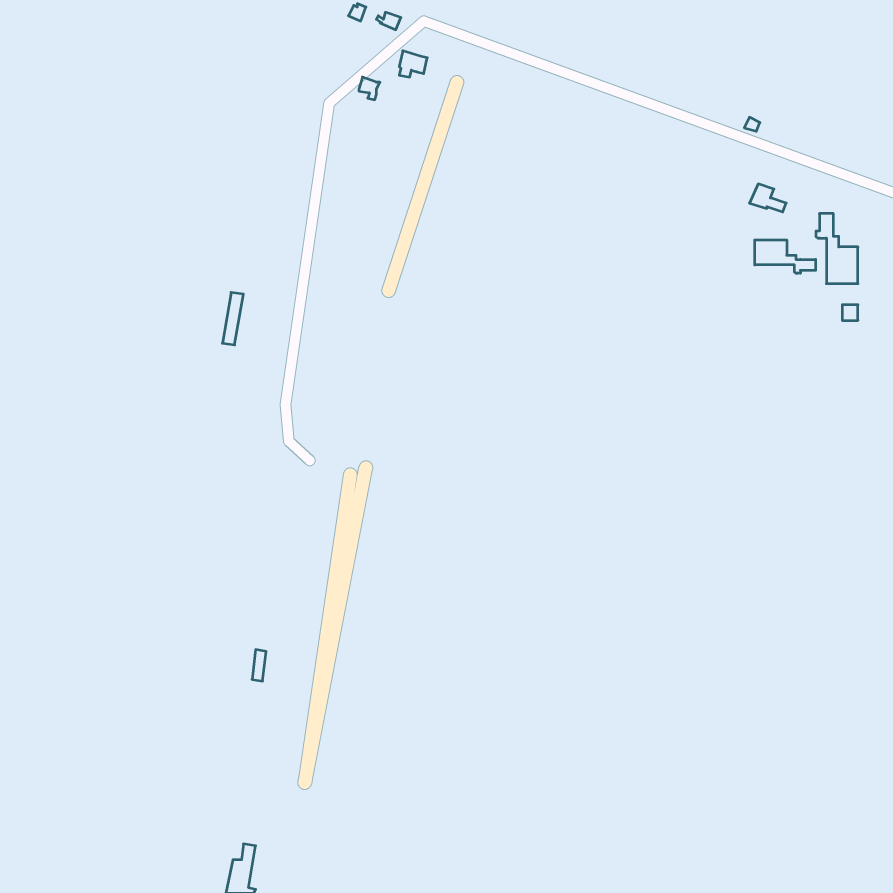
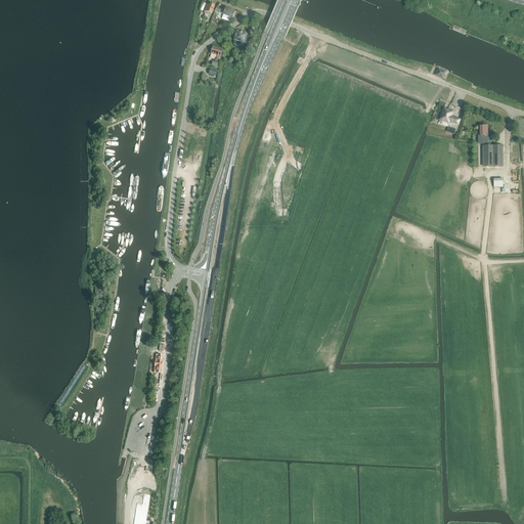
building: [755,240,816,273] -> none

